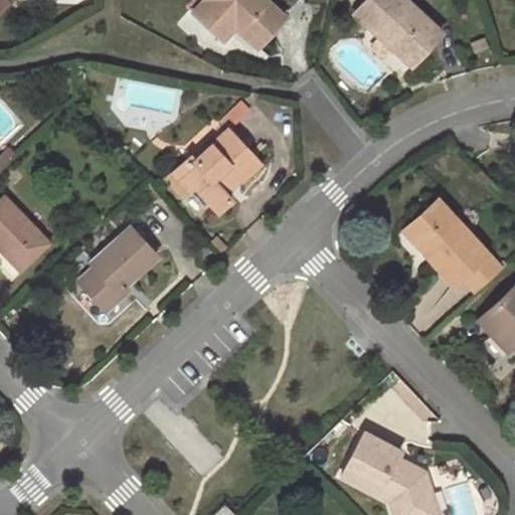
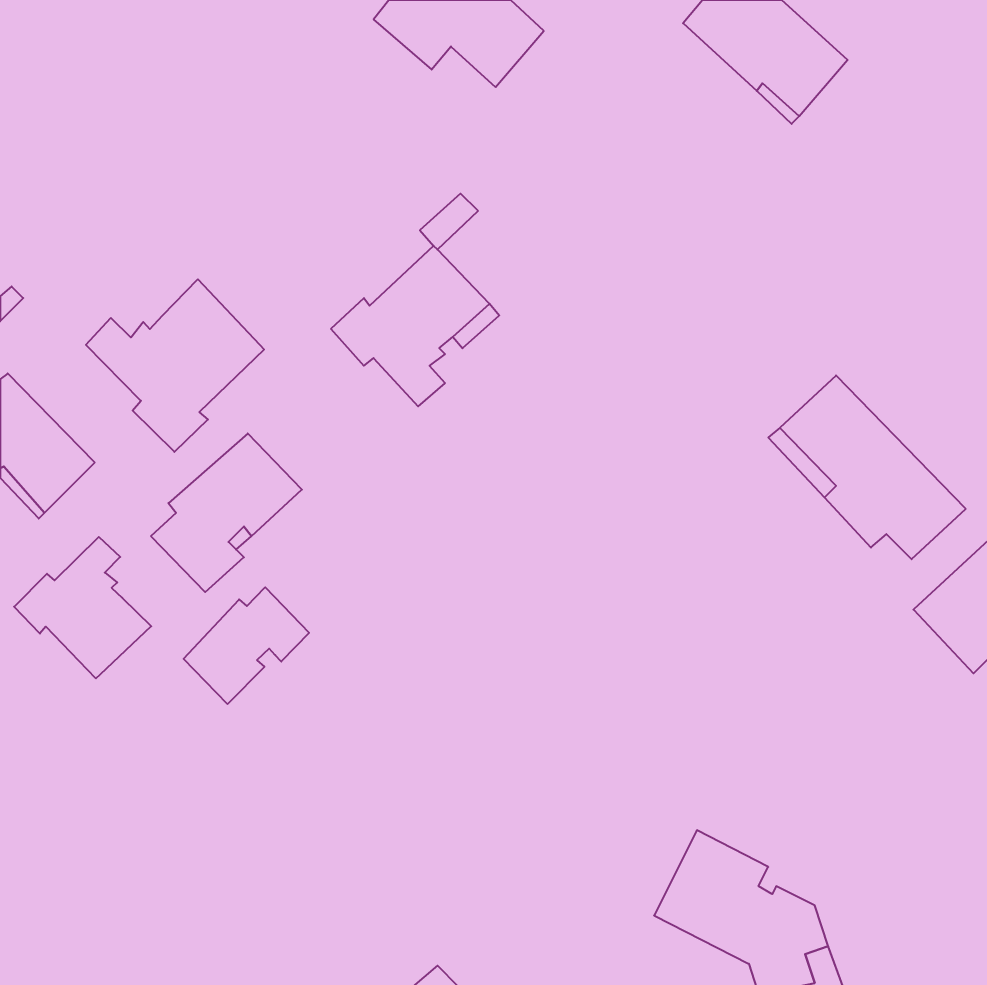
building: none -> [86,279,264,452]
building: none -> [14,537,151,678]
building: none -> [184,587,309,704]

